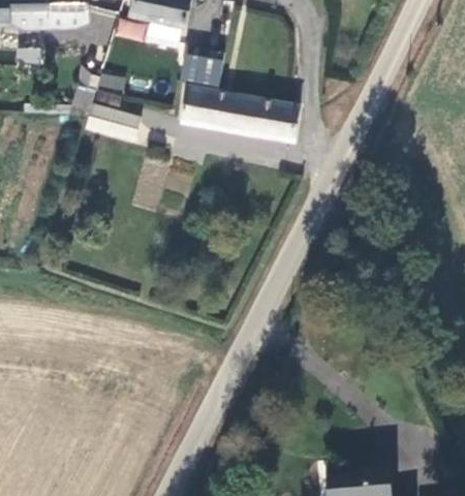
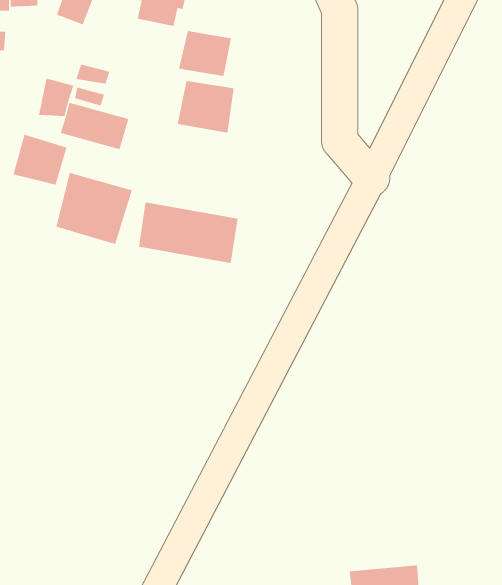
building: [222,94,303,144] -> [138,202,238,263]
building: none -> [13,134,67,186]
building: none -> [56,172,133,245]

